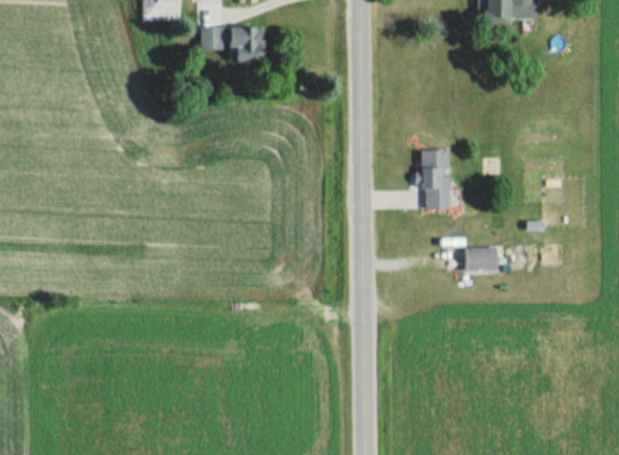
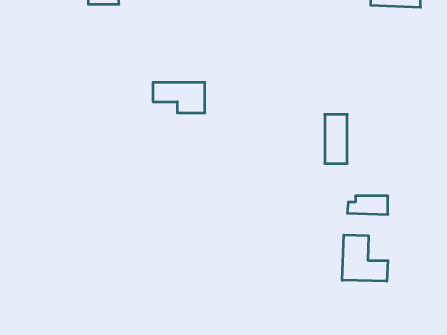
building: [202,25,264,62] -> [153,82,205,113]
building: none -> [342,235,388,281]

